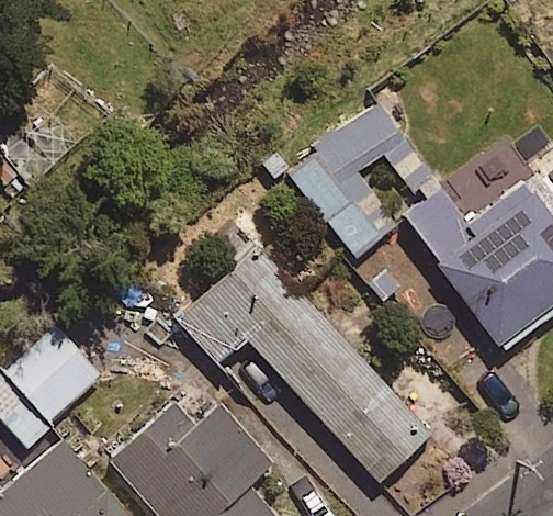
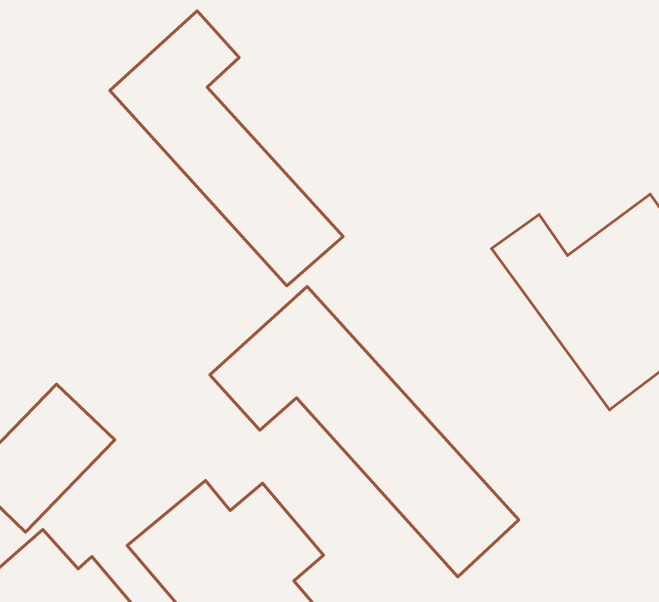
building: none -> [110,11,343,286]
building: [285,100,400,257] -> none

